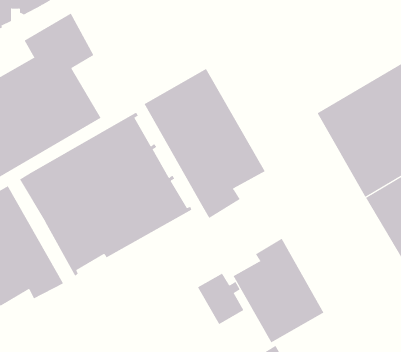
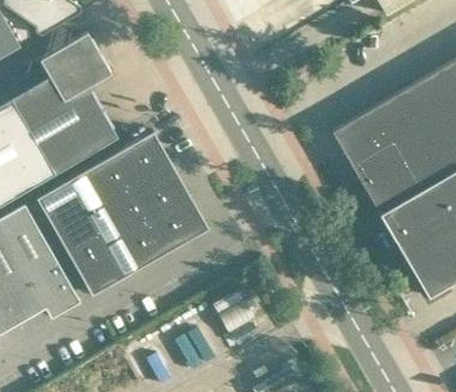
building: [144,68,265,219] -> none
building: [233,238,324,343] -> none

